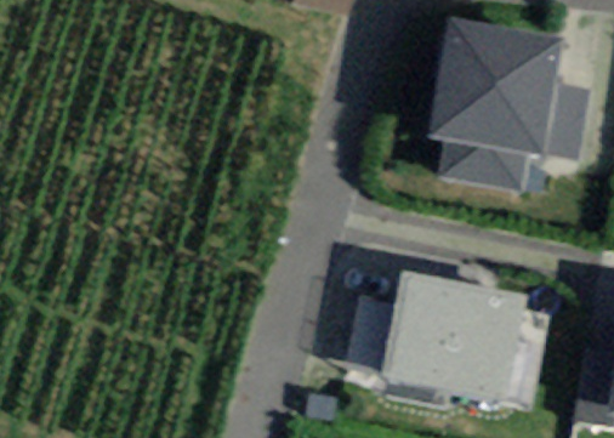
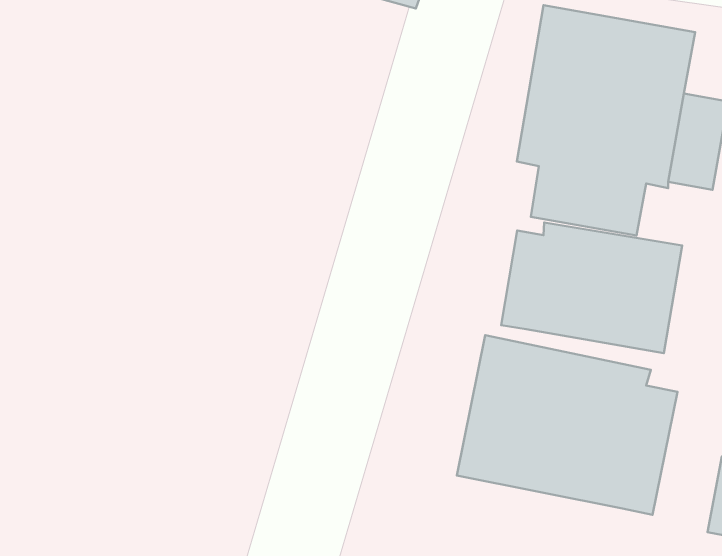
building: none -> [501,223,682,353]

